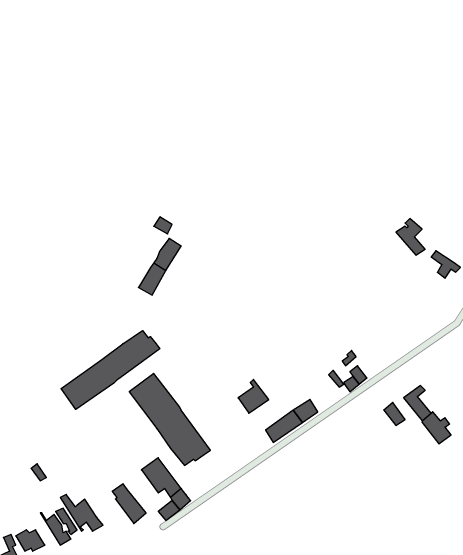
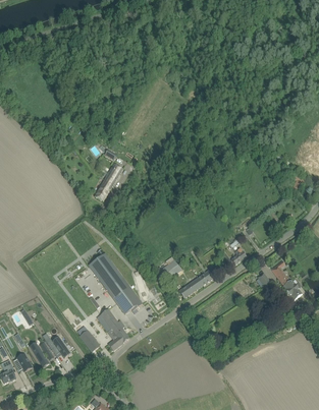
building: [61,331,160,409] -> none

